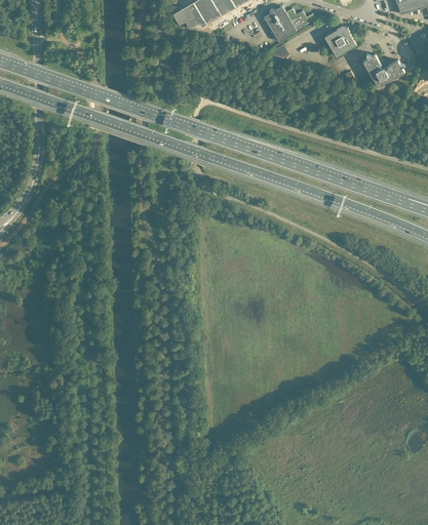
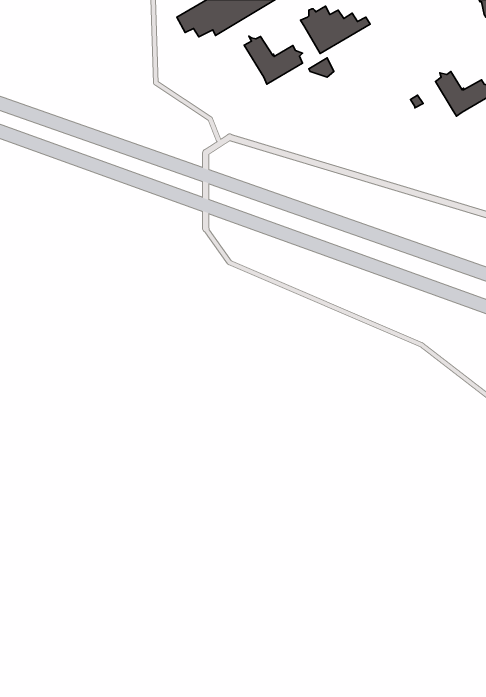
building: [323,25,355,55] -> none
building: none -> [244,36,303,84]

